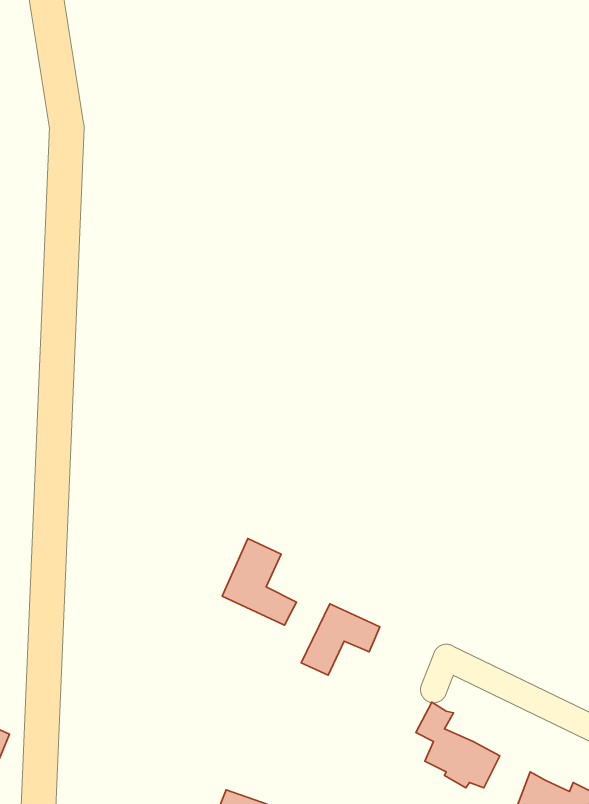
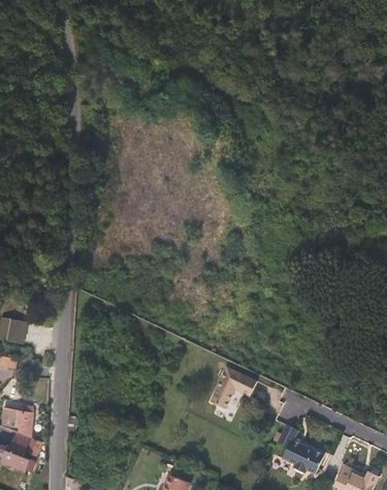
building: [222,539,297,625] -> none

